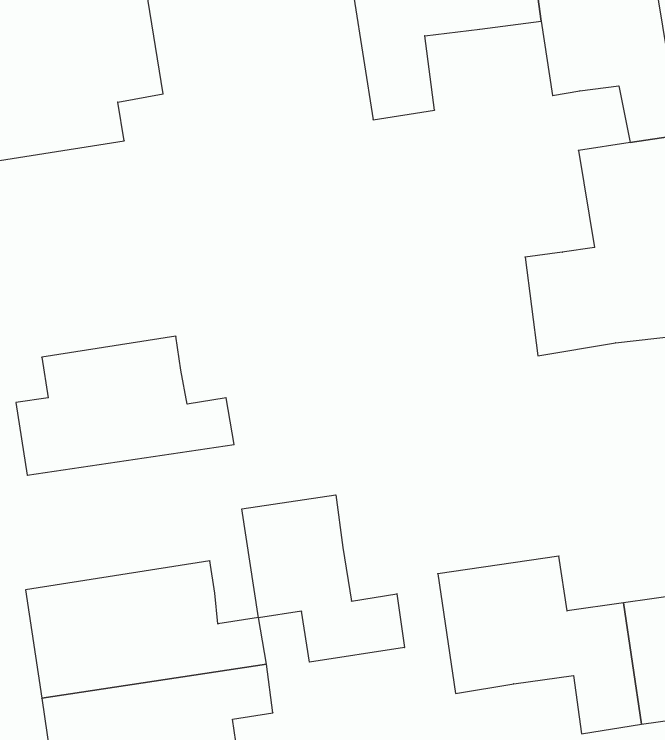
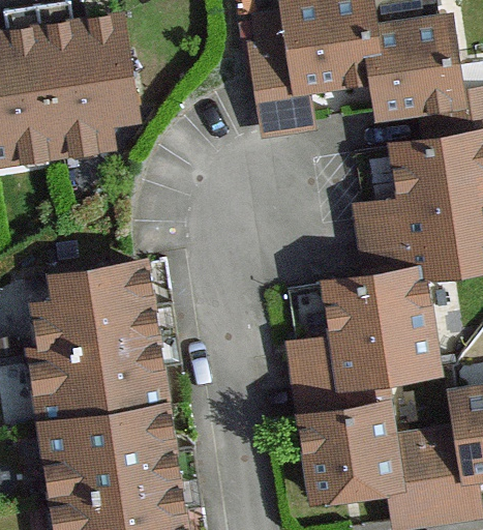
building: none -> [296,270,433,418]
building: none -> [31,335,178,429]
building: [242,495,404,662] -> none

